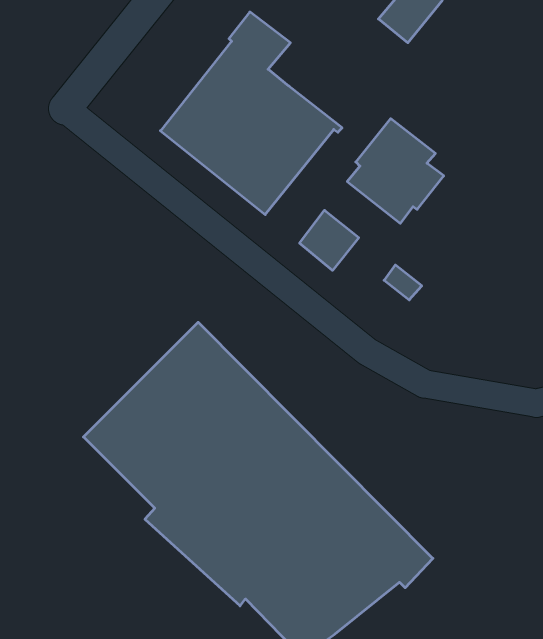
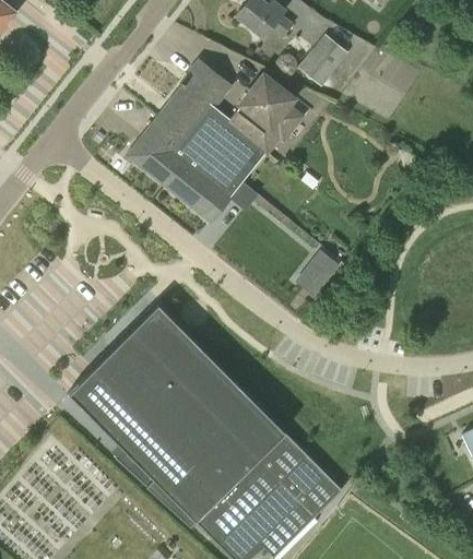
building: [347,119,444,223] -> [229,72,305,154]
building: [300,210,359,270] -> none

